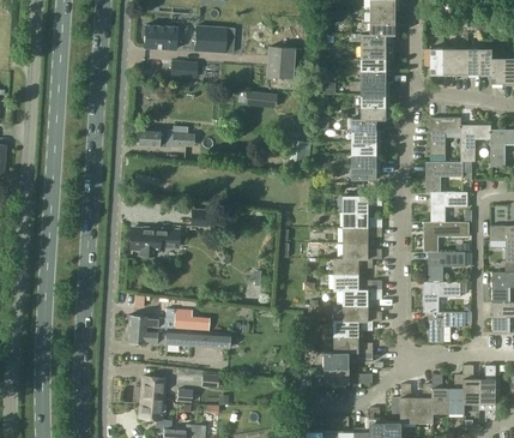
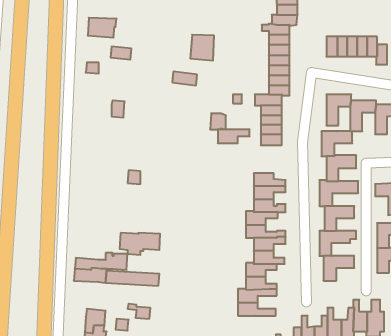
building: [194,26,235,53] -> none
building: [139,130,173,148] -> none
building: [344,197,382,214] -> [218,129,250,143]
building: [131,229,180,256] -> [120,233,160,255]

